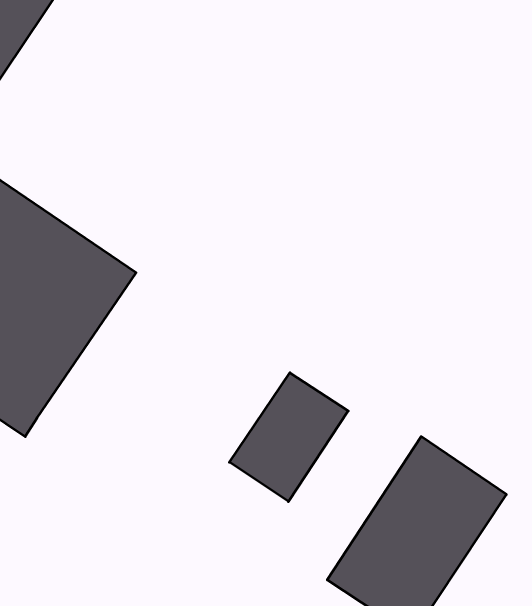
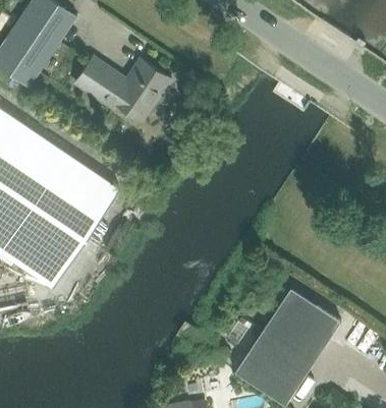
building: none -> [75,58,170,122]
building: [229,373,348,502] -> none

